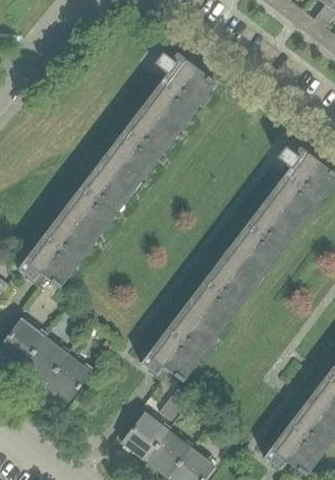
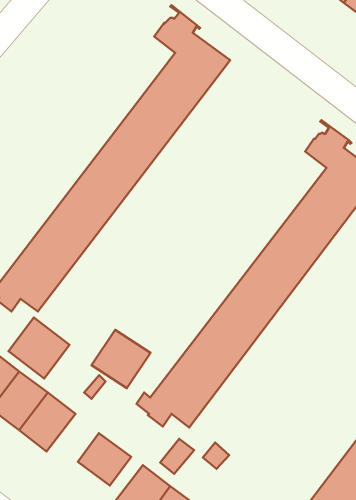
building: none -> [8,318,70,378]
building: none -> [92,330,150,388]
building: none -> [78,433,131,486]

